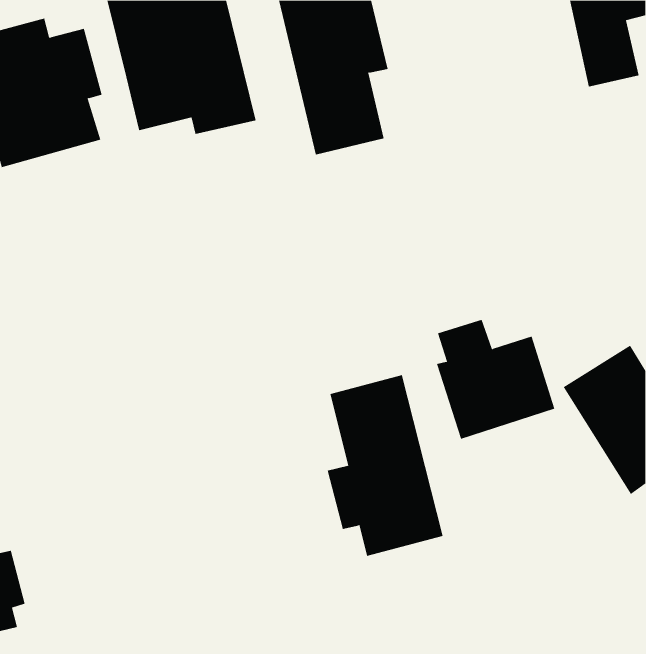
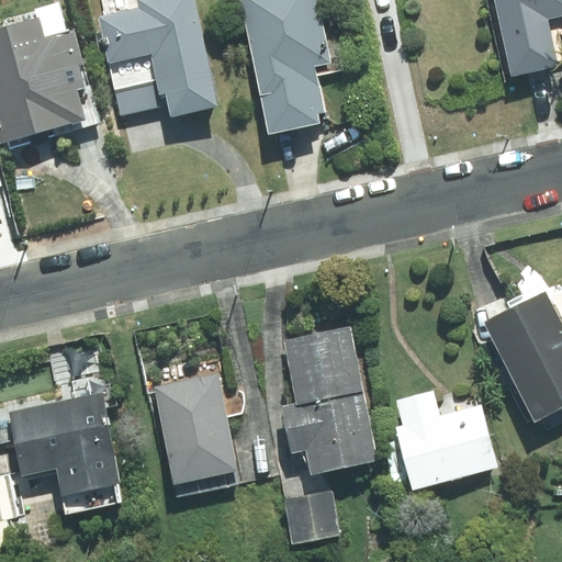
building: [436,319,555,440] -> [395,387,497,491]
building: none -> [154,376,240,492]
building: none -> [8,391,124,498]
building: none -> [282,486,345,546]

